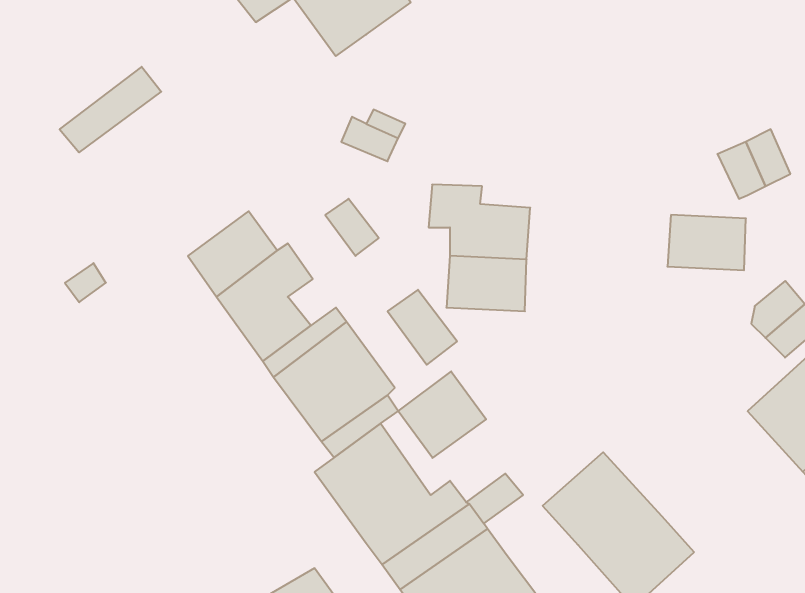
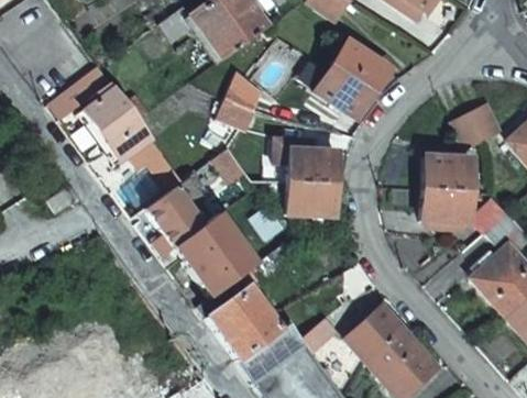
building: none -> [314,42,391,119]
building: none -> [83,88,151,161]
building: none -> [420,190,470,224]
building: [398,371,486,458] -> none

